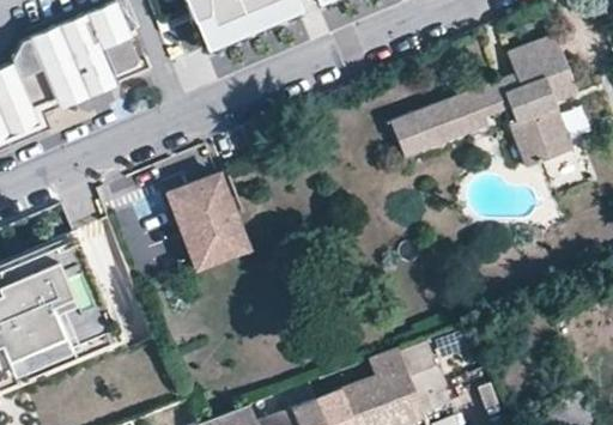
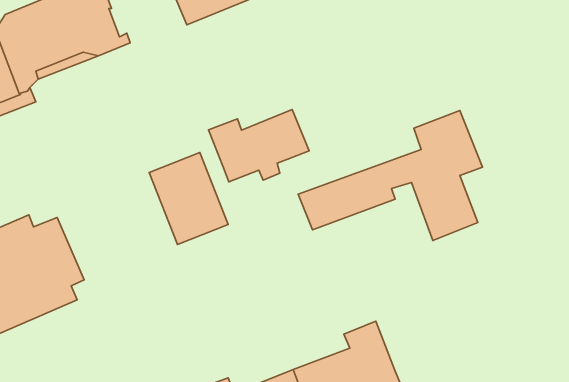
building: [388,34,575,165] -> [298,111,482,240]
building: none -> [208,109,309,182]
building: [400,341,447,401] -> none

